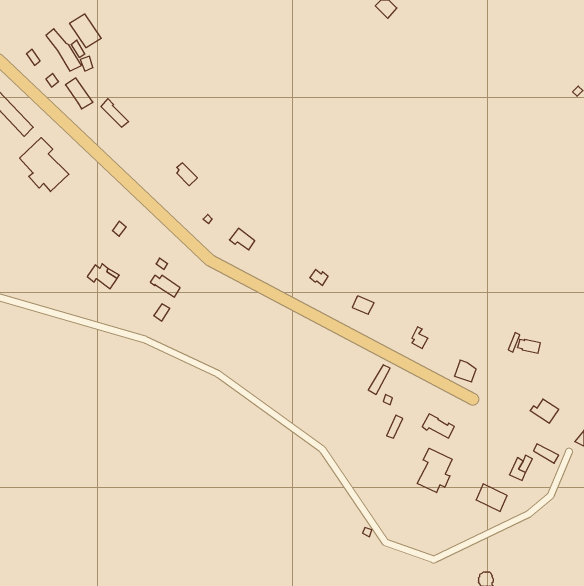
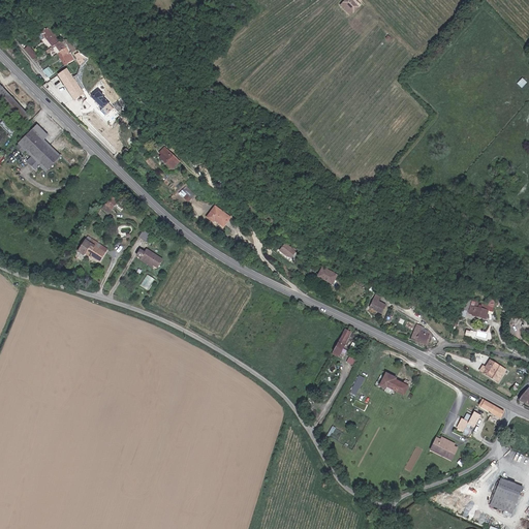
building: [70,14,101,48] -> none
building: [417,448,452,493] -> none
building: none -> [490,478,521,512]

